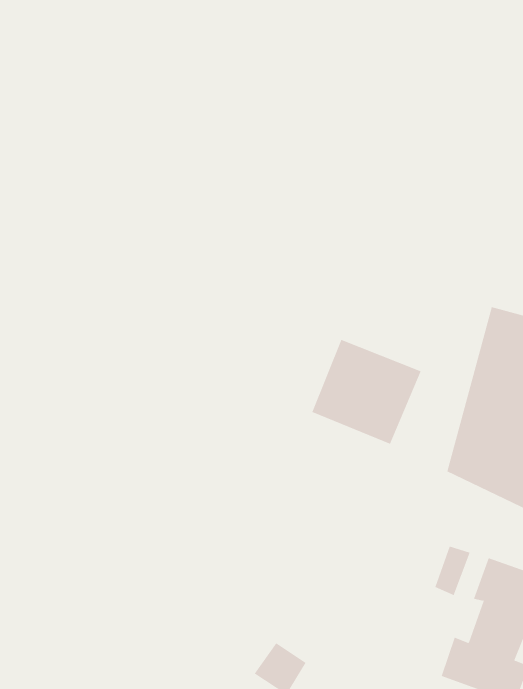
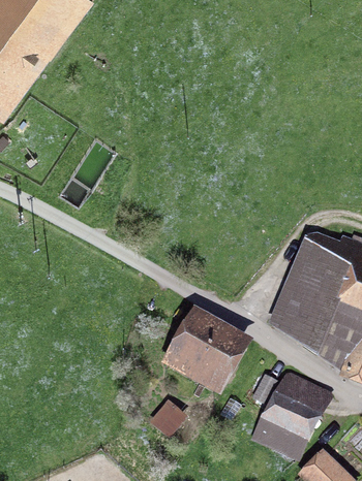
building: [312,339,422,444] -> [176,321,240,383]

